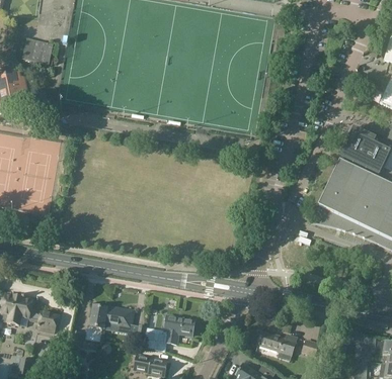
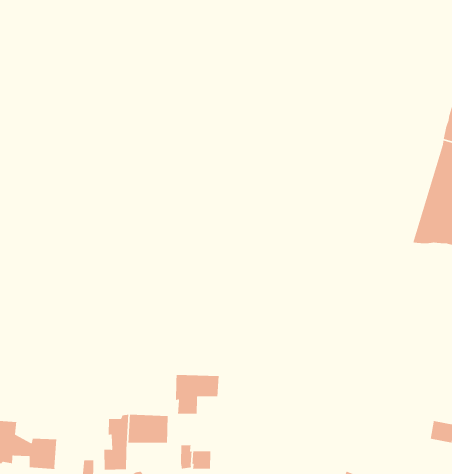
building: [164,315,195,344] -> [175,374,219,414]
building: [258,331,298,361] -> none

